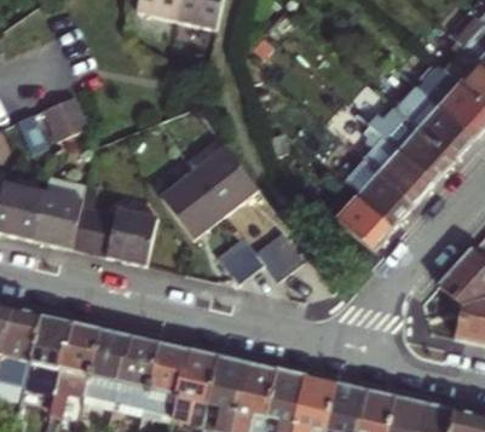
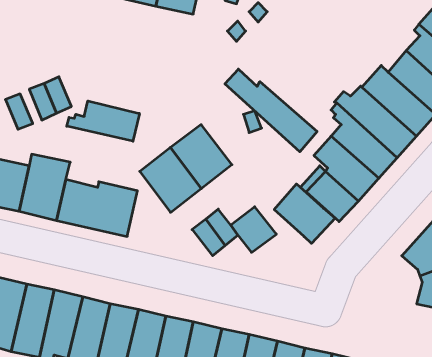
building: none -> [225,69,317,152]
building: none -> [67,101,139,141]
building: none -> [274,184,335,243]

